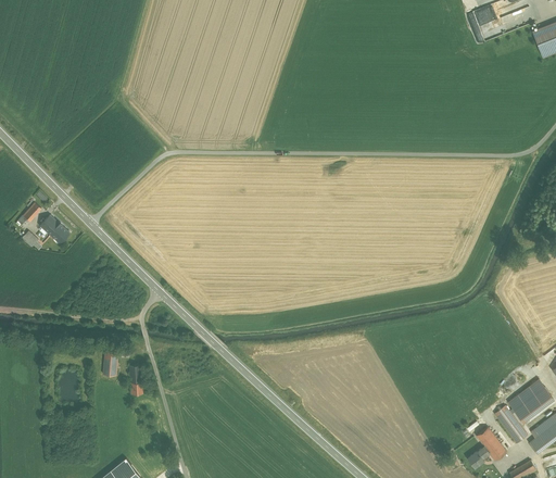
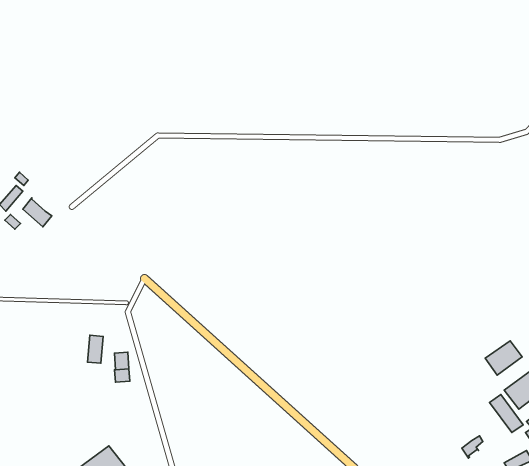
building: none -> [485,341,522,375]
building: [476,428,506,462] -> none

